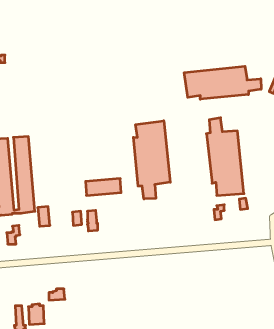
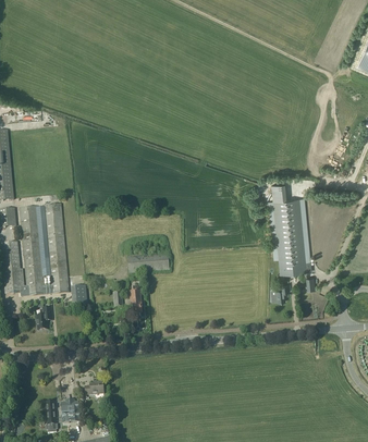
building: [184,66,261,99] -> none
building: [133,121,170,199] -> none

